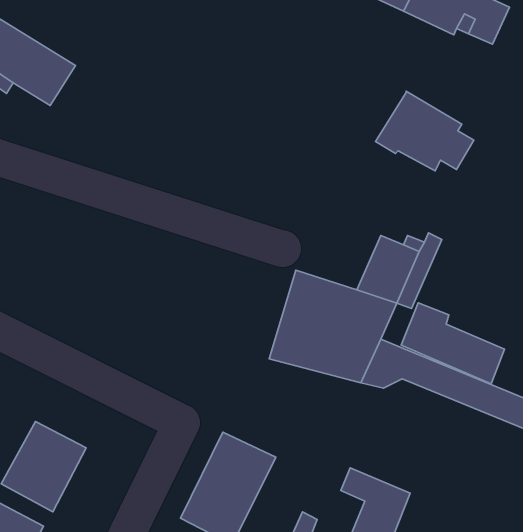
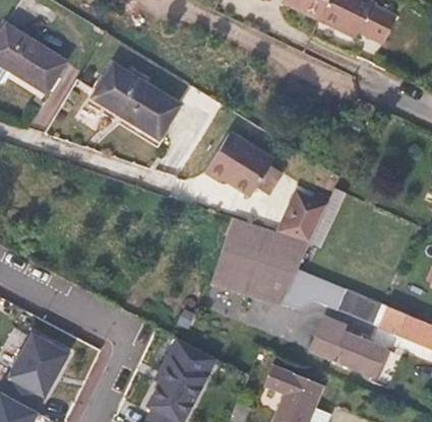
building: none -> [91,64,176,136]
building: [375,91,474,171] -> [205,132,281,193]
building: [401,303,505,384] -> [308,315,387,377]

